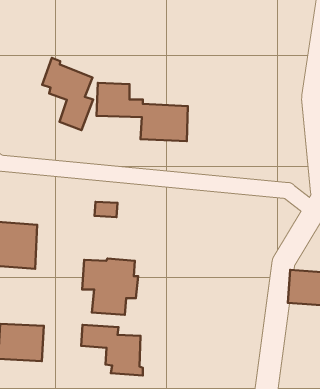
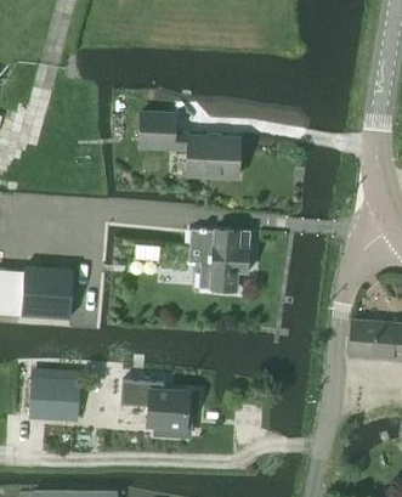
building: [42,58,93,130] -> none
building: [82,259,138,315] -> [188,228,250,290]

